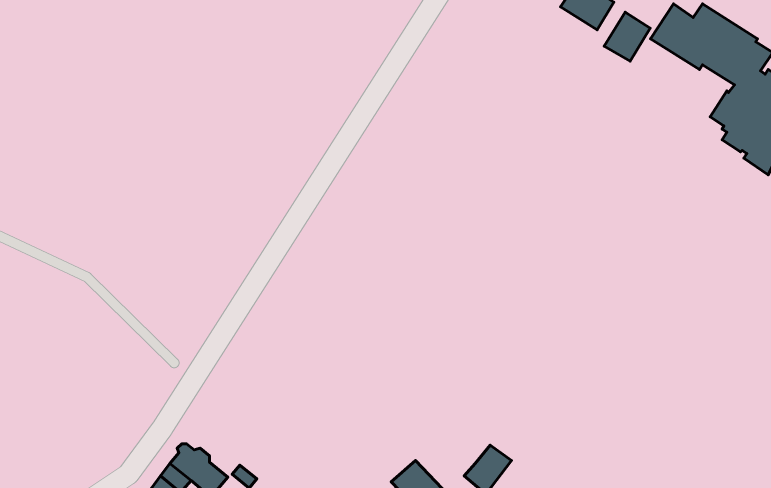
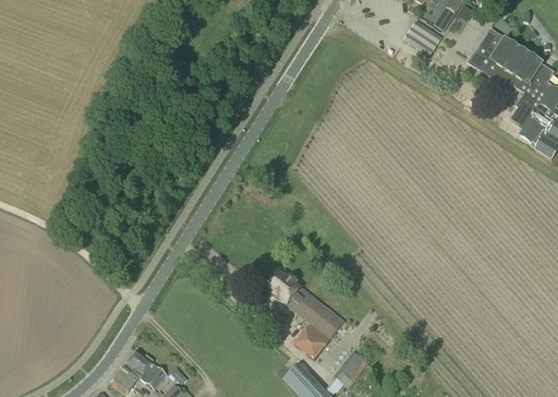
building: [604,12,650,61] -> none
building: none -> [266,268,344,360]

